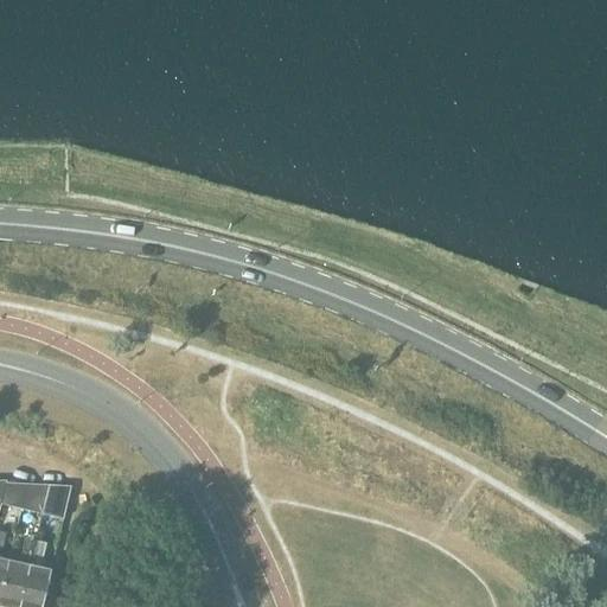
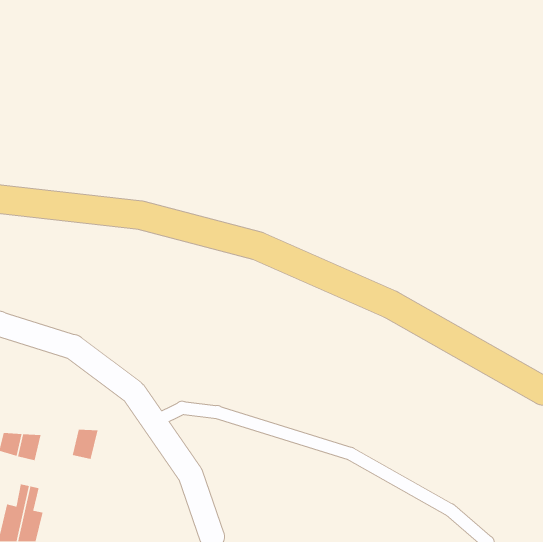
building: [39,484,69,518] -> [72,429,98,460]

